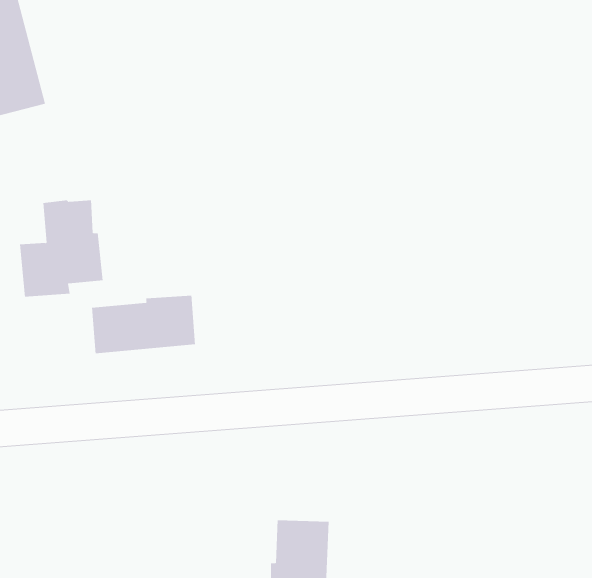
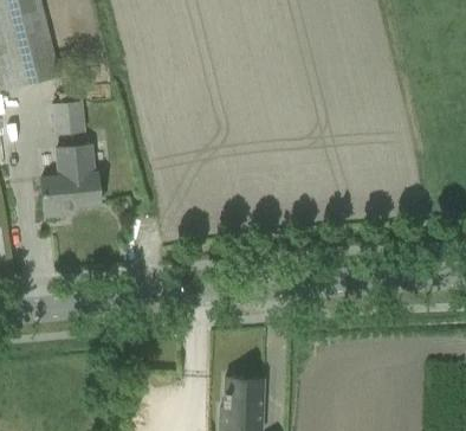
building: none -> [52,102,85,135]
building: [91,295,196,354] -> none

